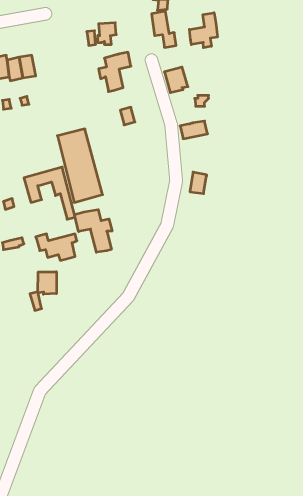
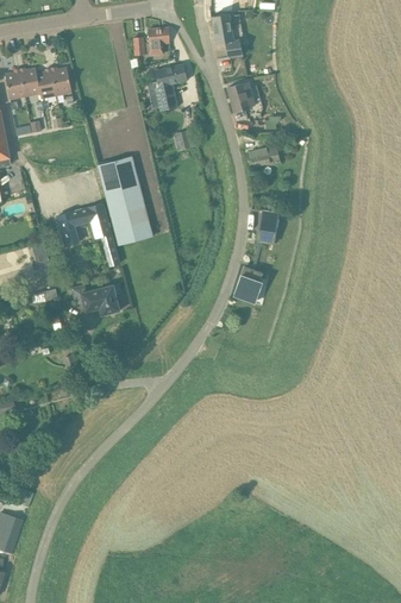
building: [189,13,217,48] -> none
building: [74,210,112,252] -> none
building: none -> [233,268,262,302]
building: [38,272,56,294] -> none

